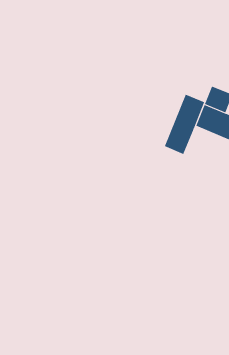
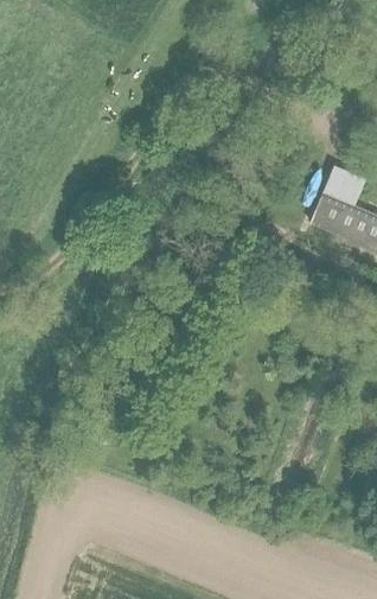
building: [164,94,205,155] -> none

